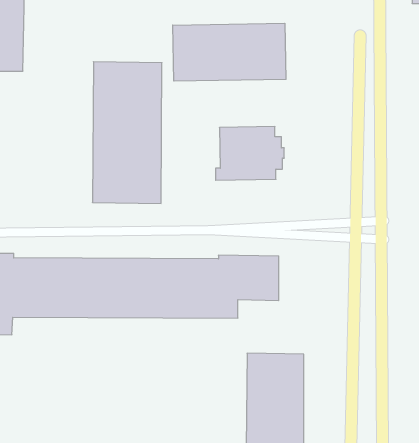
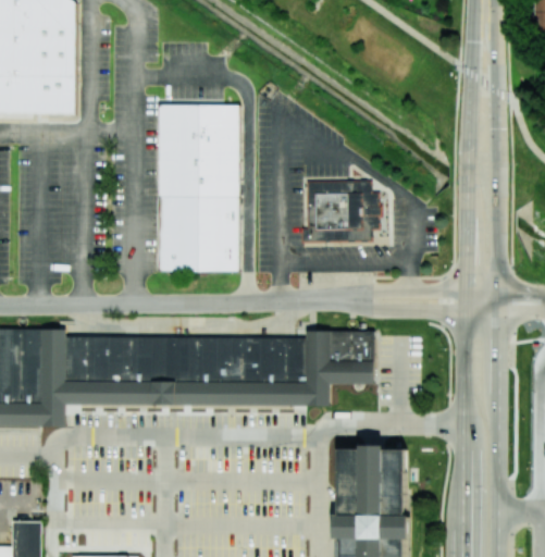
building: [173,23,286,81] -> none

